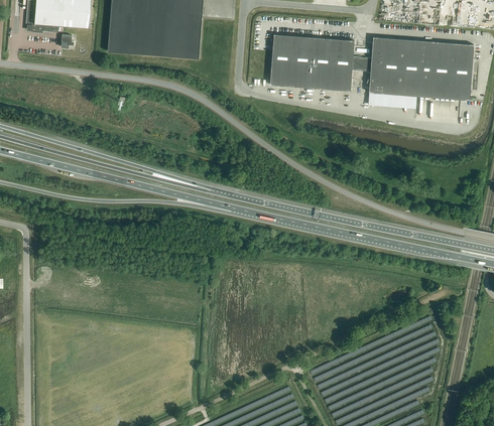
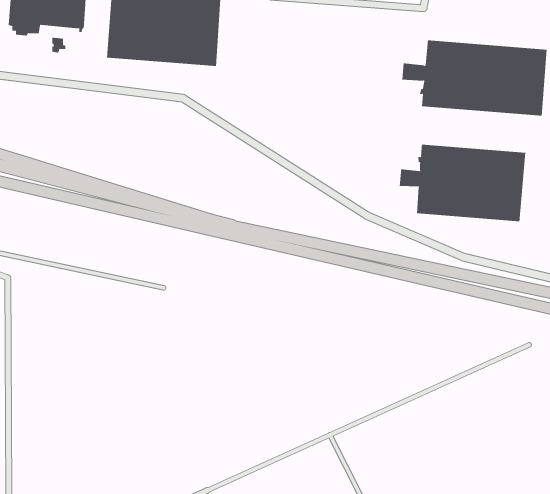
building: [269,33,354,91] -> none
building: none -> [399,144,526,222]

